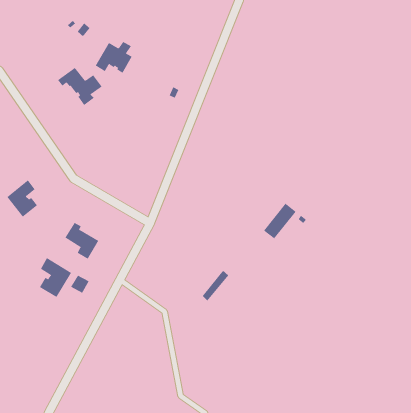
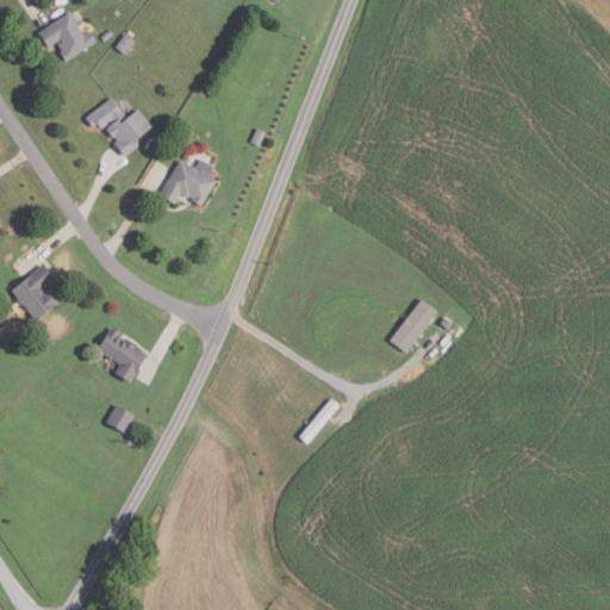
building: none -> [37,12,95,63]
building: [95,41,133,74] -> [158,158,214,206]
building: [39,257,72,298] -> none

